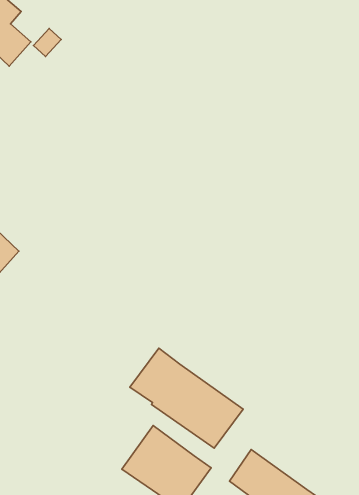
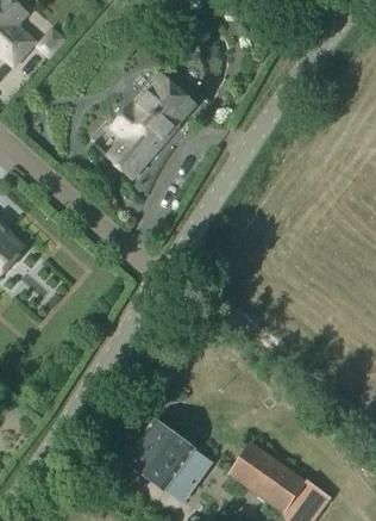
building: none -> [109,76,194,178]
building: [130,348,243,448] -> none

